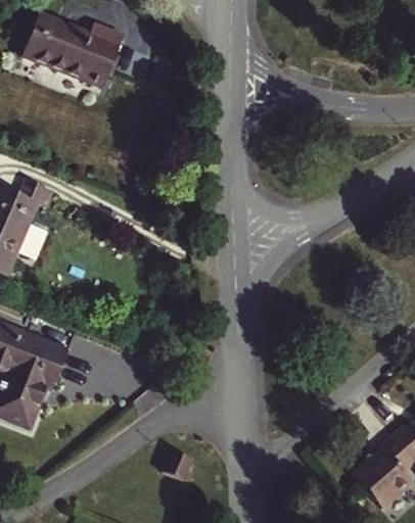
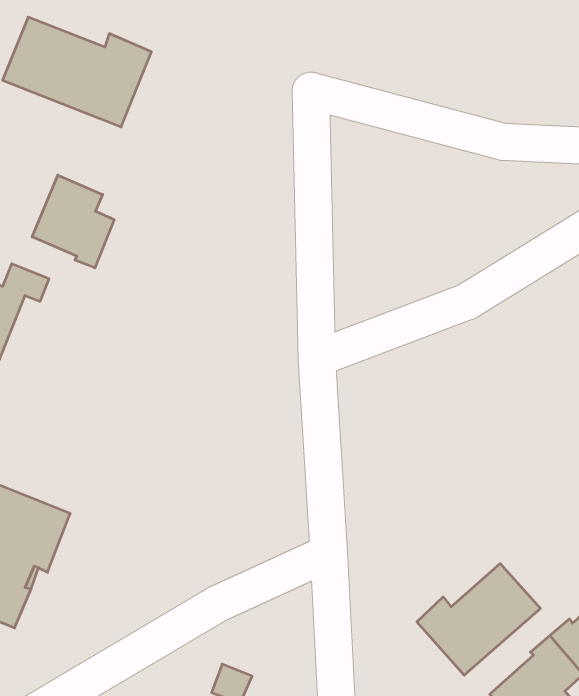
building: none -> [32,175,114,268]
building: none -> [417,564,540,675]

